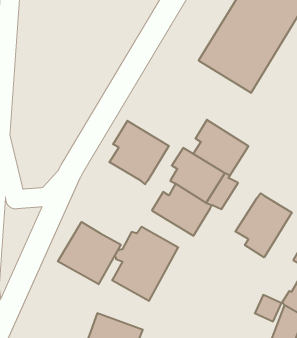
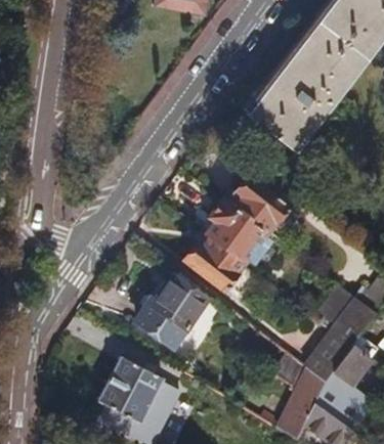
building: [109,121,169,184] -> none
building: [235,193,292,257] -> none
building: [58,222,121,284] -> none

